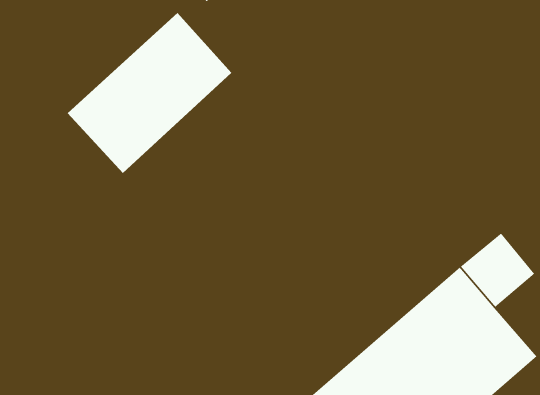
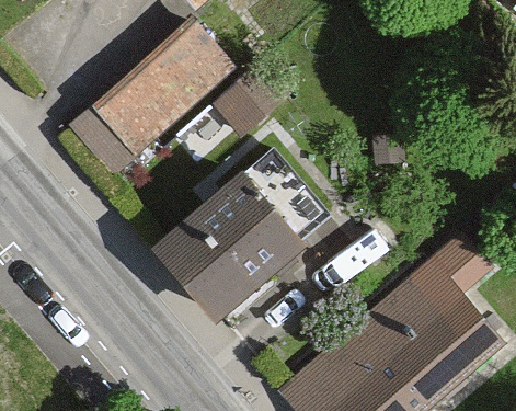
building: none -> [151,168,306,321]

